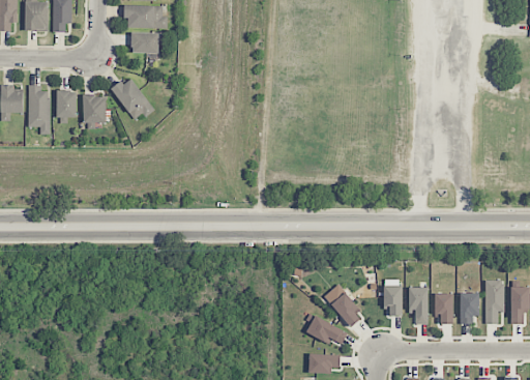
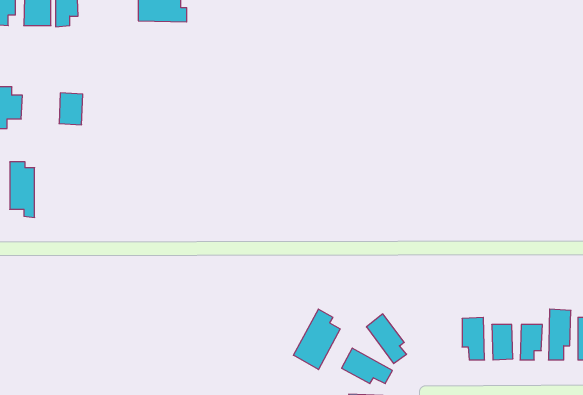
building: [131,32,158,53] -> none
building: [112,77,153,122] -> none
building: [28,86,50,135] -> [10,162,35,217]
building: [83,95,107,123] -> none
building: none -> [293,309,340,370]
building: [384,286,403,316] -> none

